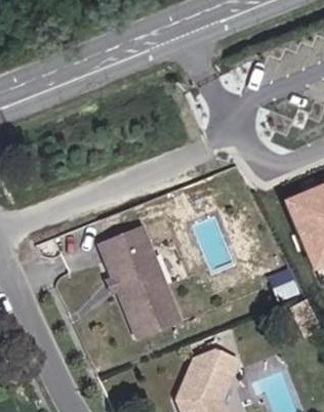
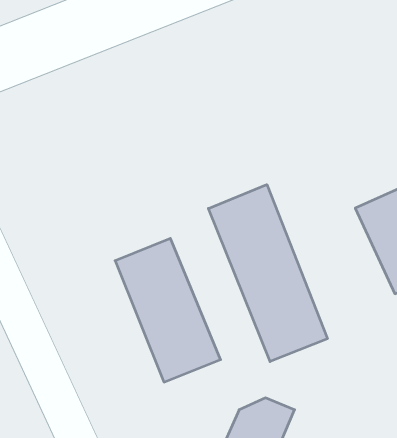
building: none -> [208,185,327,362]

